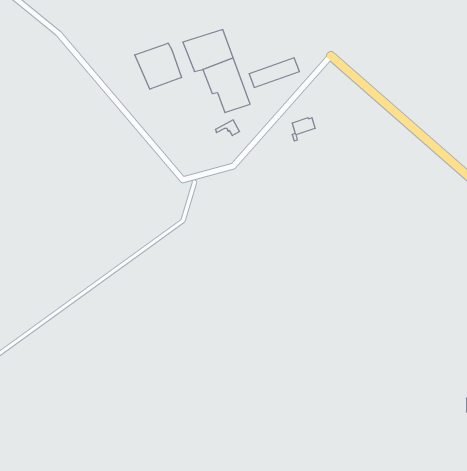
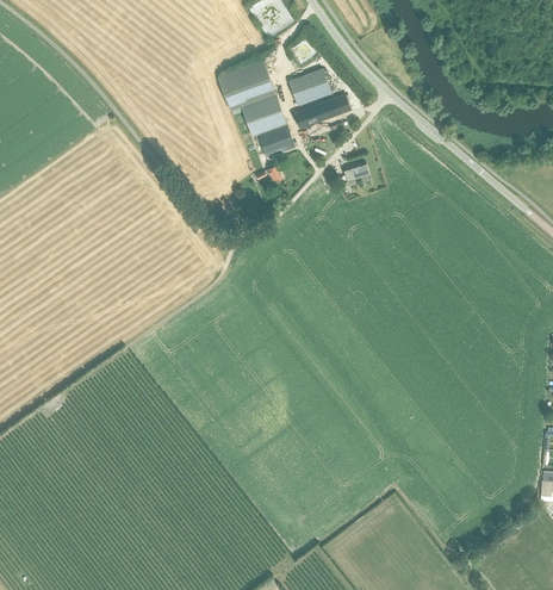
building: none -> [288,68,331,105]
building: [135,43,182,89] -> none

